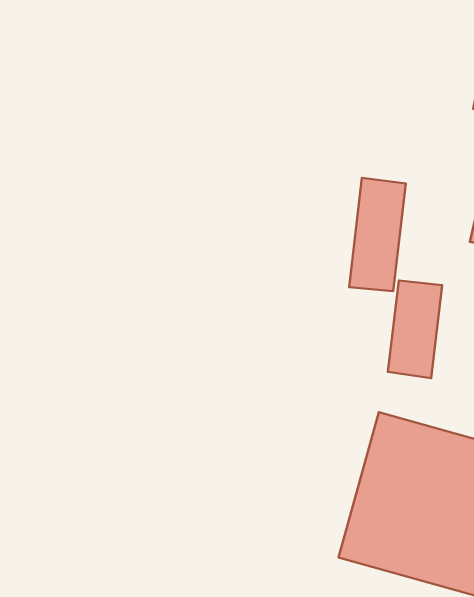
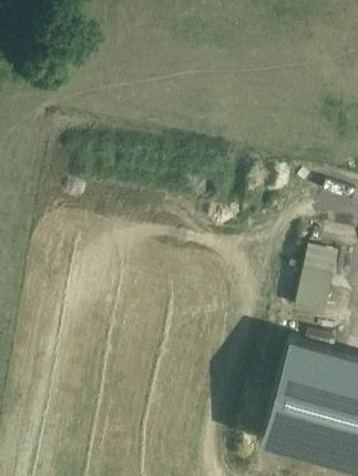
building: [349,178,406,291] -> none

